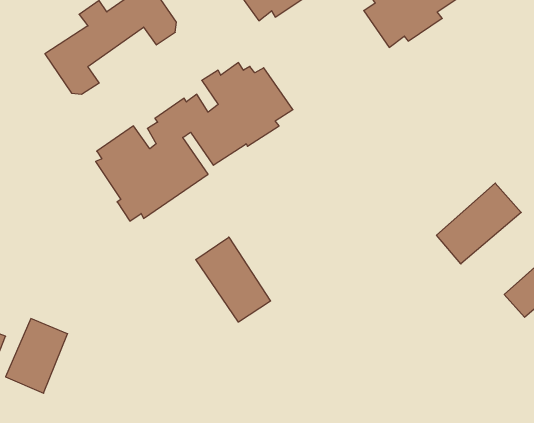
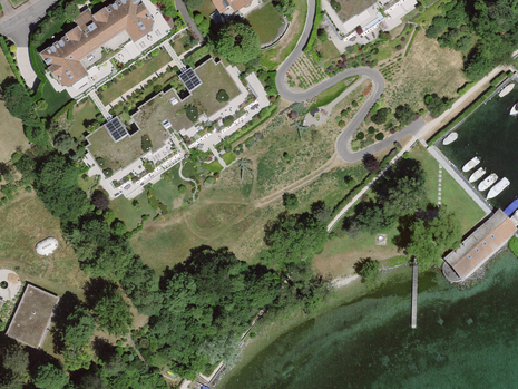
building: [437,183,521,264] -> none
building: [196,237,271,322] -> none

